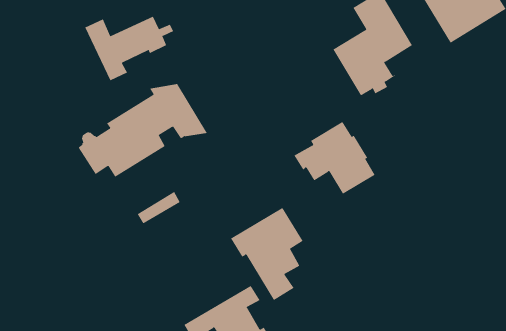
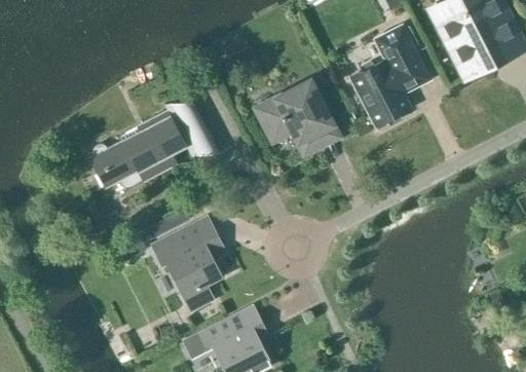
building: [84,16,174,81] -> none
building: [294,121,375,195] -> [258,81,338,154]
building: [230,207,304,301] -> [152,218,225,310]

